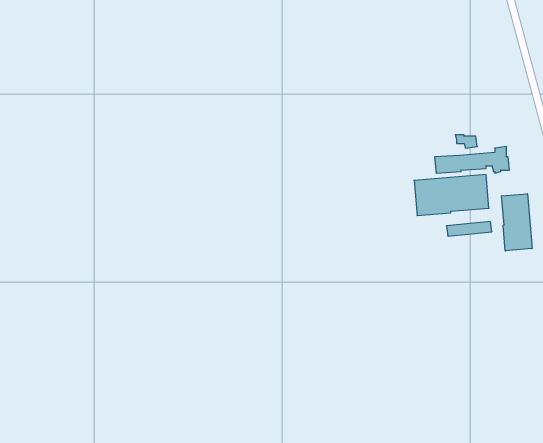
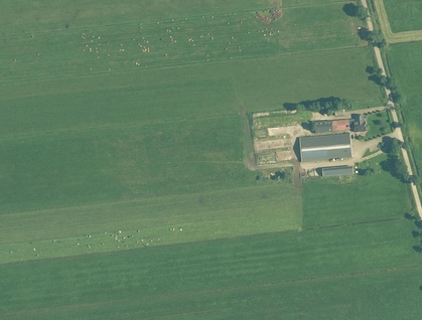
building: [502,194,532,251] -> none

